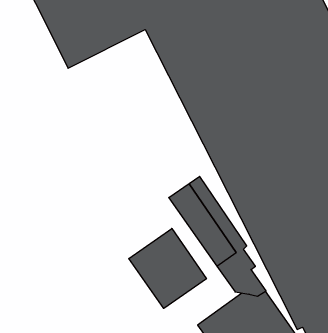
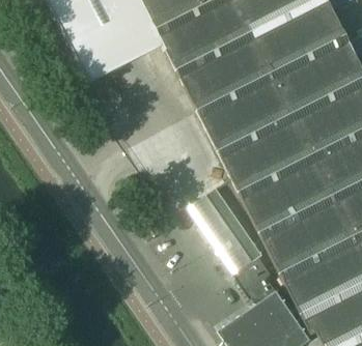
building: [129,228,206,308] -> none

